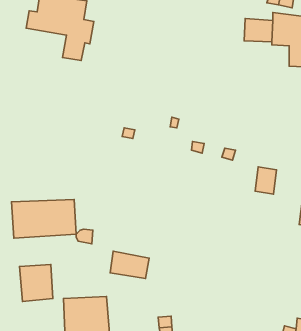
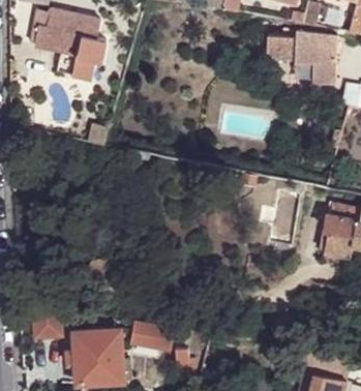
building: [12,200,76,238] -> none
building: [110,251,149,279] -> [132,321,174,350]

